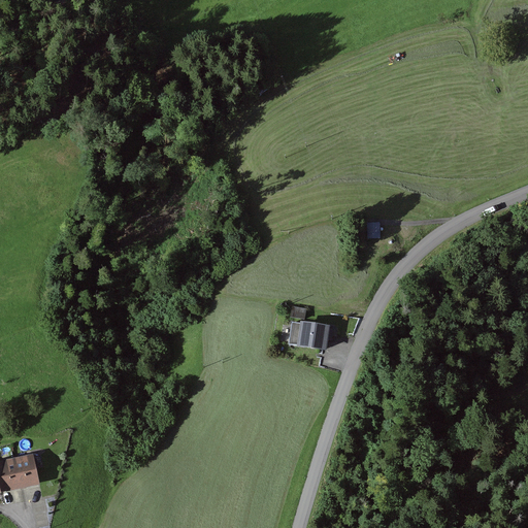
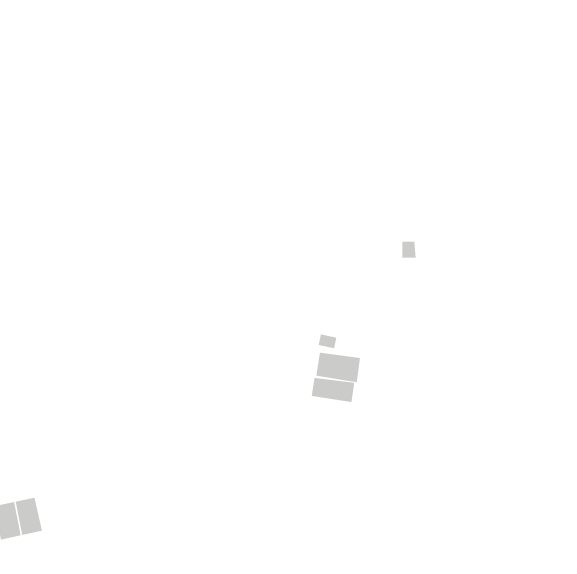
building: none -> [311,377,355,403]

